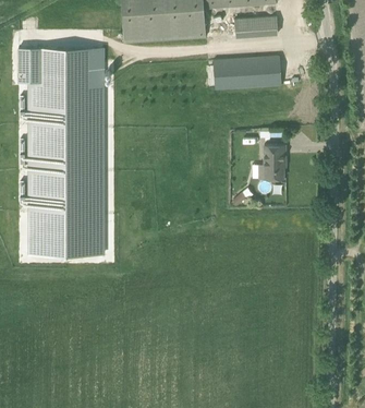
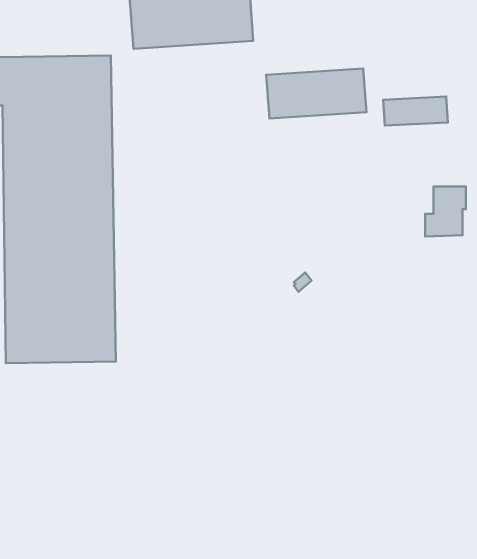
building: [233,16,277,36] -> [383,96,448,126]
building: [257,145,284,179] -> [425,186,466,237]

